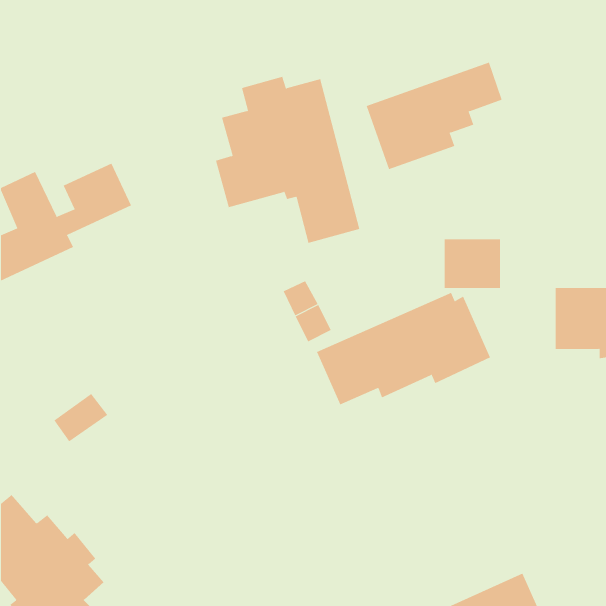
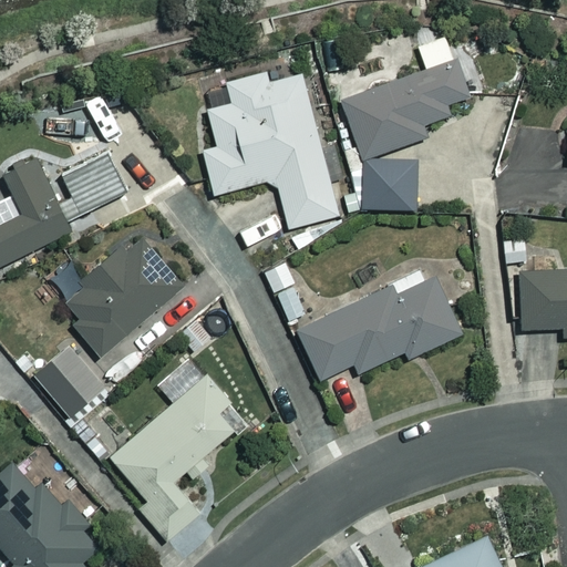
building: [444,239,501,289] -> [363,162,416,208]
building: none -> [53,230,185,359]
building: none -> [110,377,233,539]

